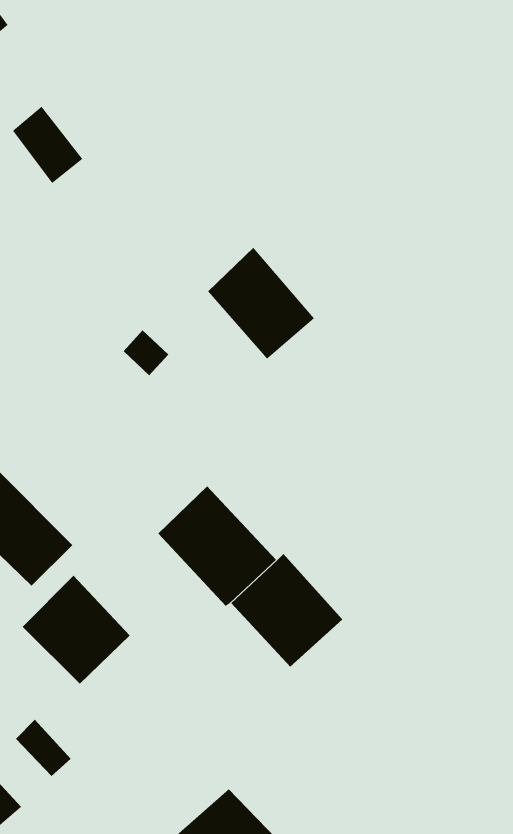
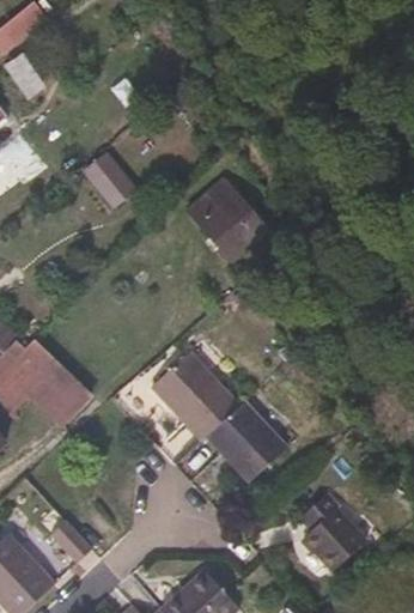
building: [12,106,83,184] -> [84,152,135,208]
building: [22,575,130,685] -> none
building: none -> [298,492,364,571]

